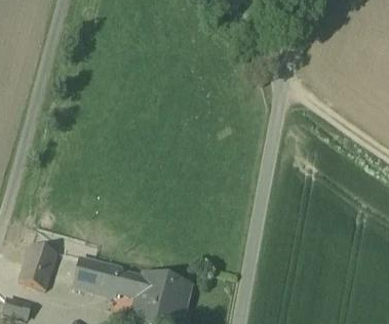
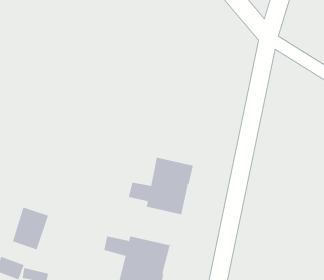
building: none -> [128,157,193,215]
building: [73,257,121,294] -> none

